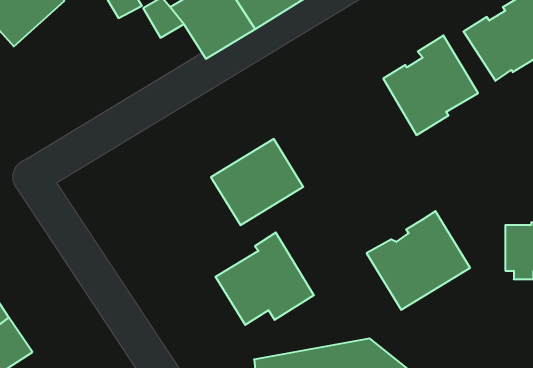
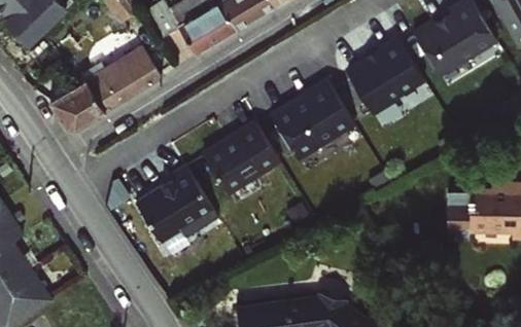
building: none -> [53,47,163,130]
building: [367,211,470,310] -> [268,79,354,161]
building: [215,232,314,325] -> [133,165,215,242]

